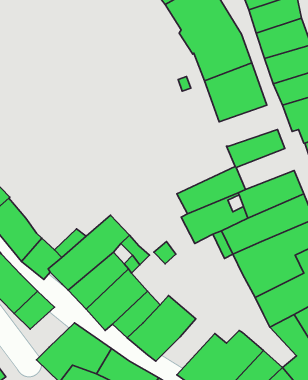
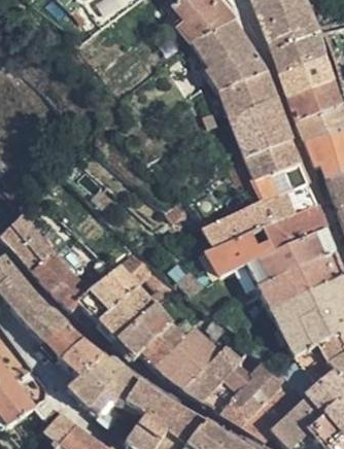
building: none -> [244,140,301,180]
building: none -> [261,182,317,222]
building: none -> [60,337,103,376]
building: none -> [182,344,243,403]

